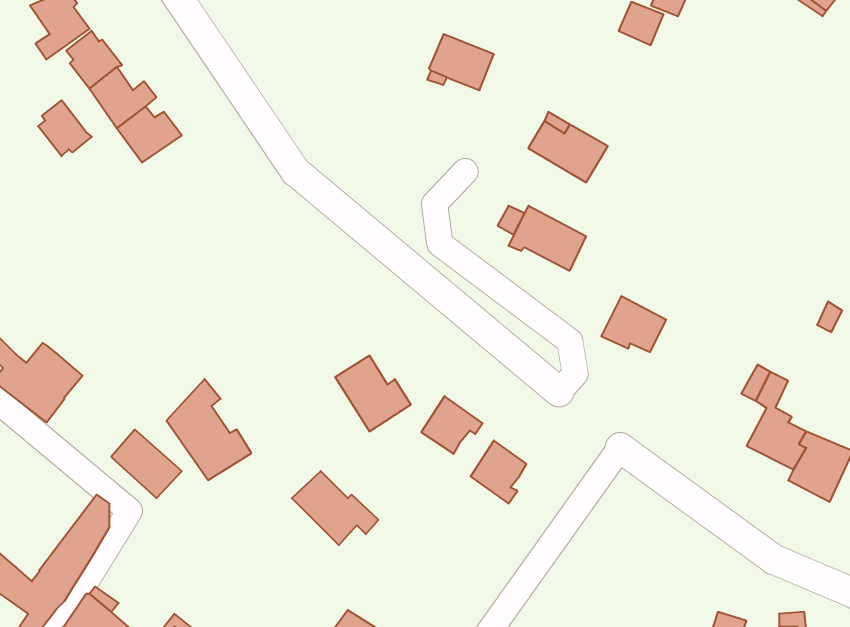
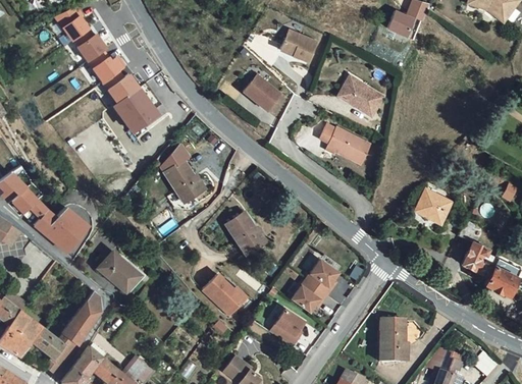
building: [38,100,92,156] -> none
building: none -> [243,76,280,113]
building: none -> [115,88,157,128]
building: [601,296,666,352] -> [413,187,450,219]
building: [167,379,251,480] -> [160,144,208,201]
building: [421,396,483,454] -> [291,280,325,313]
building: none -> [269,311,303,348]
building: none -> [380,316,407,361]

